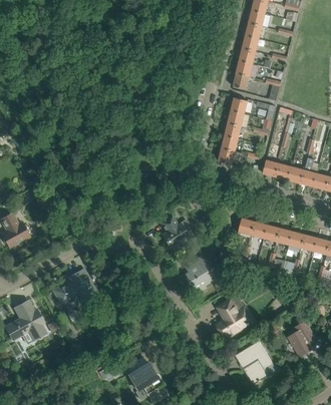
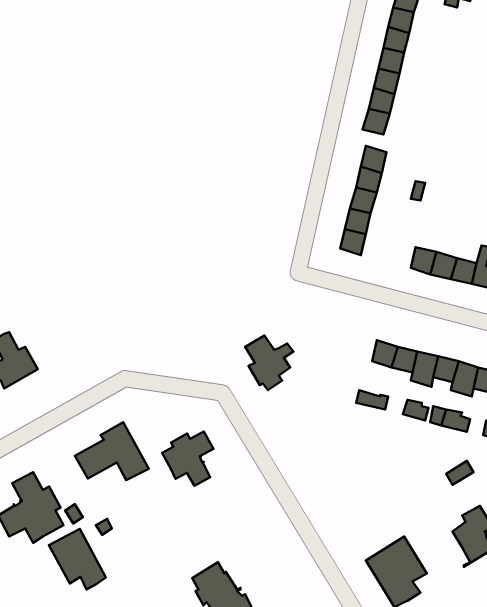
building: [186,256,212,290] -> none
building: none -> [162,431,213,486]
building: [217,295,250,338] -> none
building: none -> [49,529,106,589]

